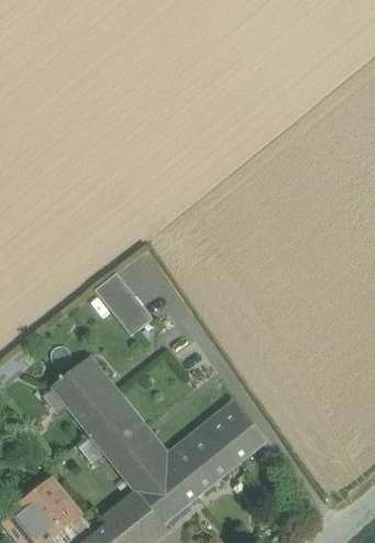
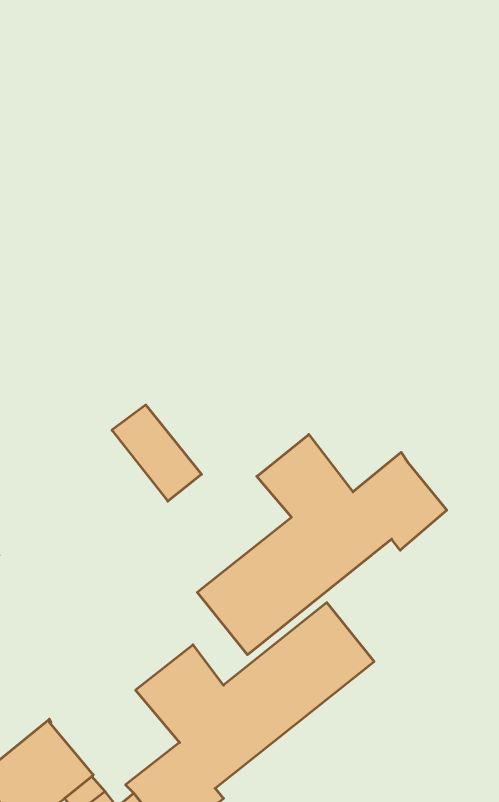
building: none -> [197,434,447,655]
building: [53,358,147,459] -> none

